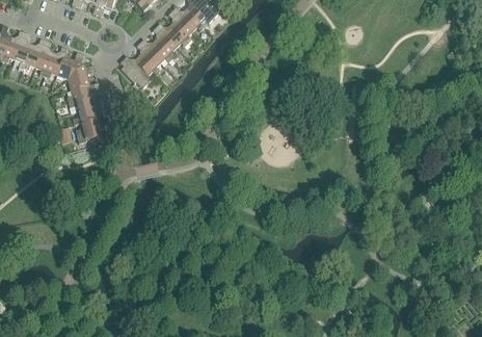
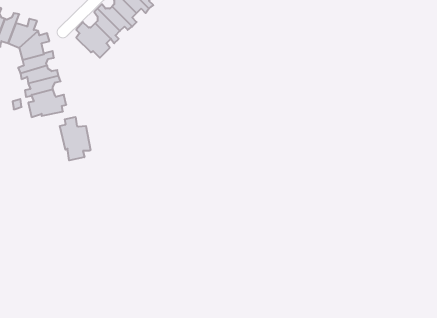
building: none -> [60,117,90,160]

